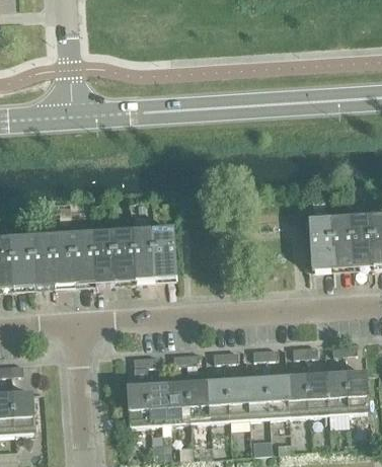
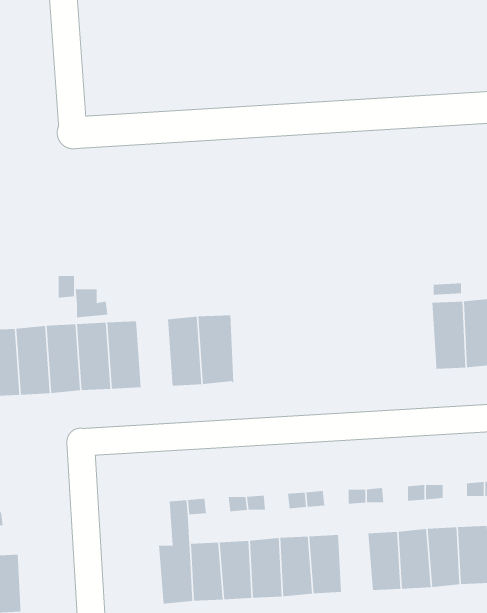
building: [111,233,135,279] -> none
building: [246,376,269,415] -> none

